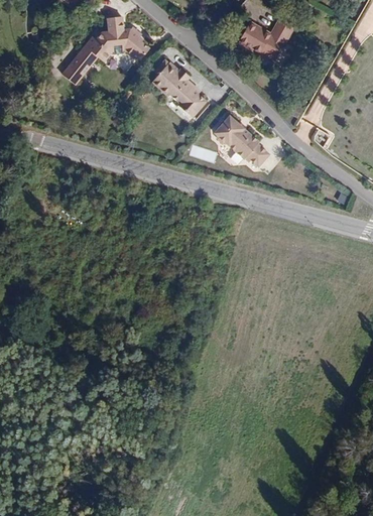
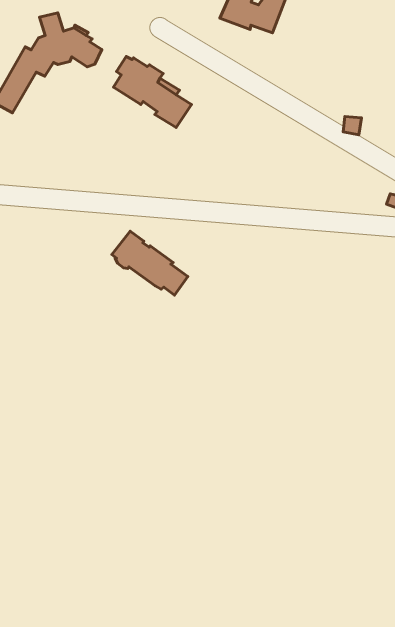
building: [213,115,266,167] -> [112,231,188,295]

